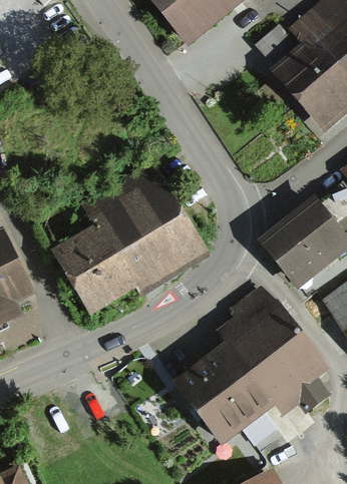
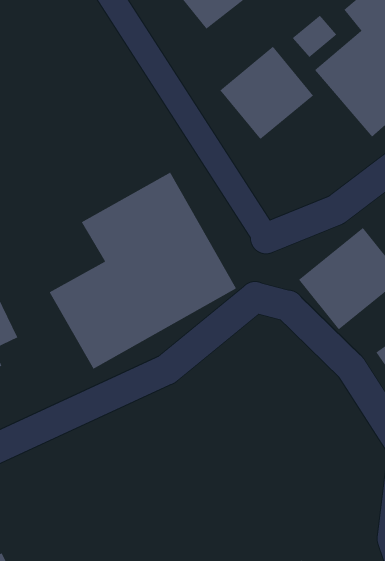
building: none -> [220,46,314,140]
building: [177,298,325,443] -> none

